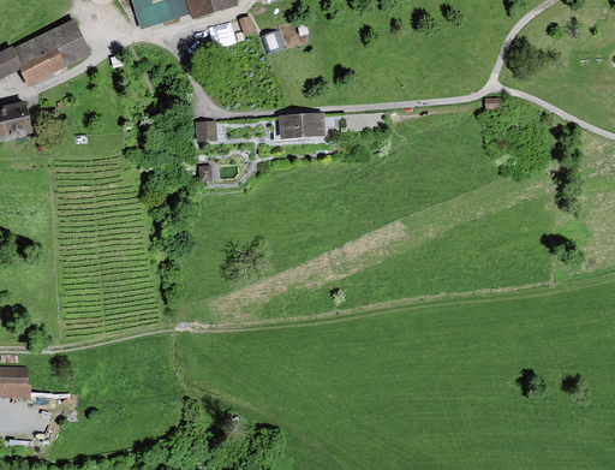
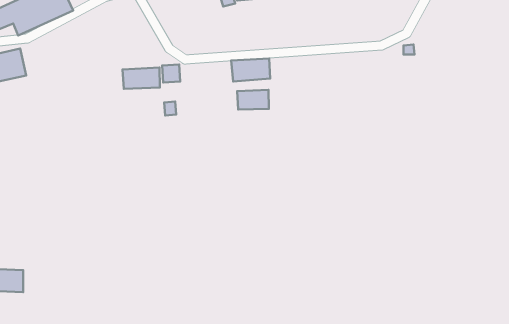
building: none -> [123,67,160,89]
building: none -> [237,90,269,109]

